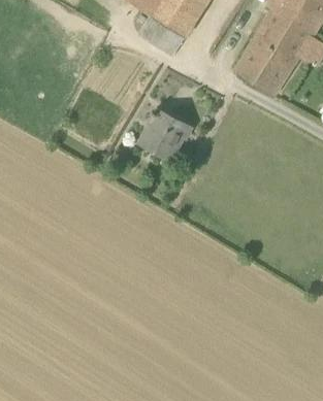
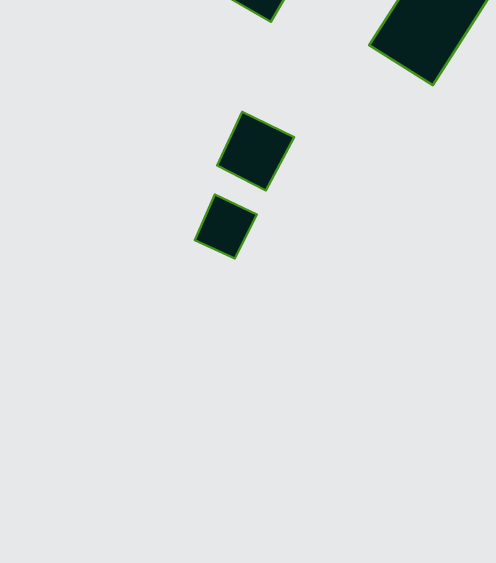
building: none -> [195,194,257,258]

